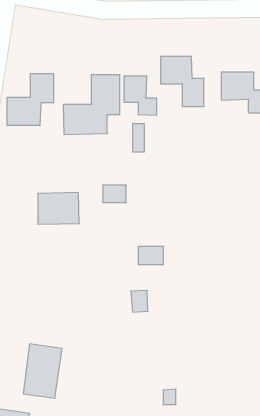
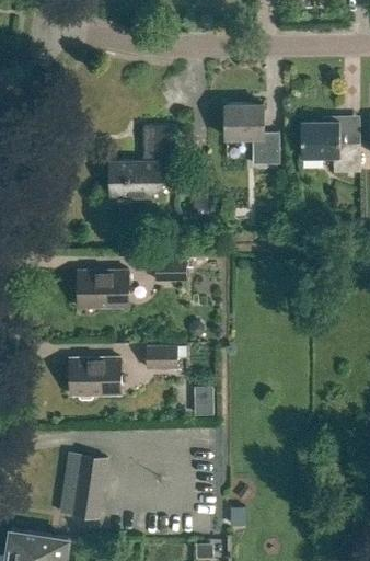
building: [7,74,53,126] -> none
building: [124,76,157,116] -> none
building: [138,246,164,264] -> [147,346,177,368]
building: none -> [69,357,120,400]

